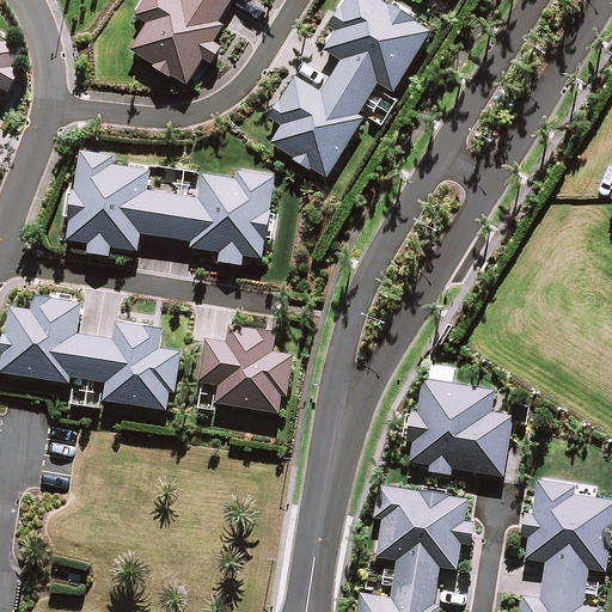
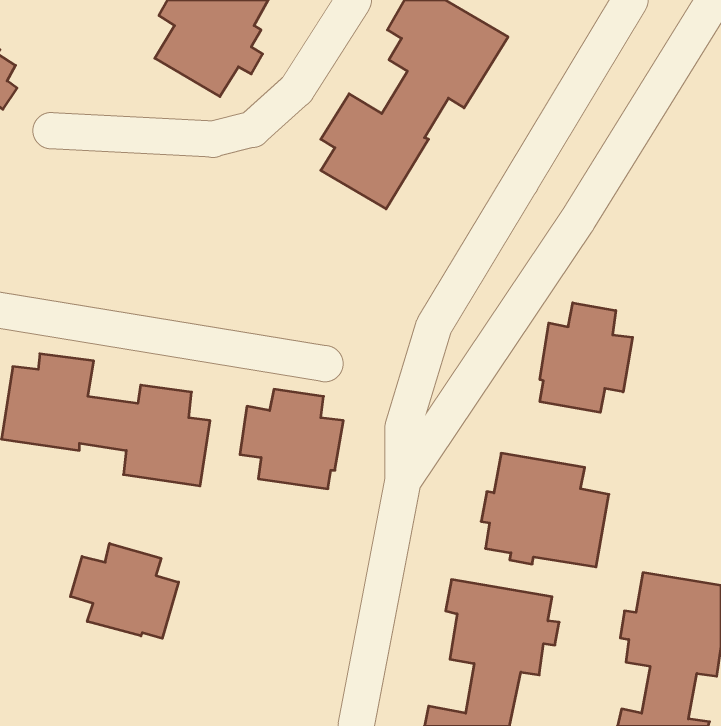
building: [69,154,273,263] -> none
building: none -> [540,303,633,412]
building: none -> [70,543,179,638]

